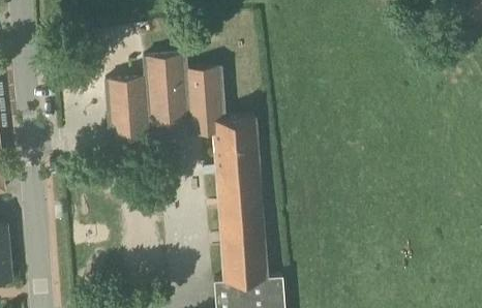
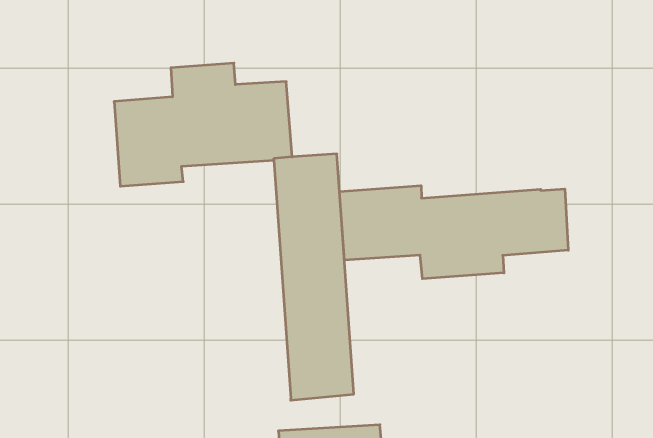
building: none -> [340,186,568,279]
building: [213,275,283,301] -> none

